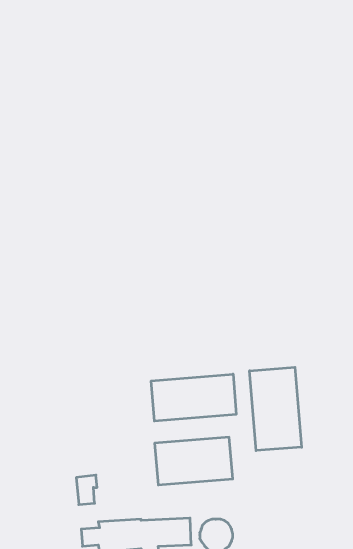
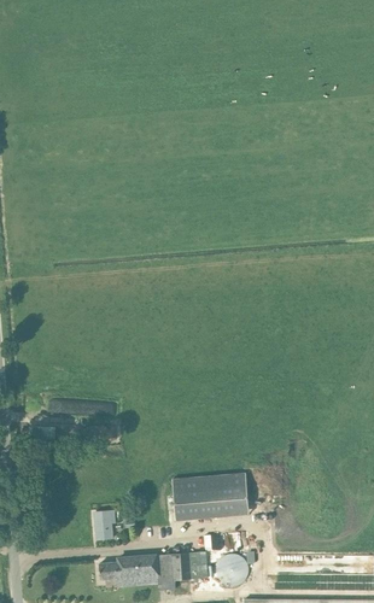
building: [250,367,302,451] -> none
building: [151,374,236,421] -> none

